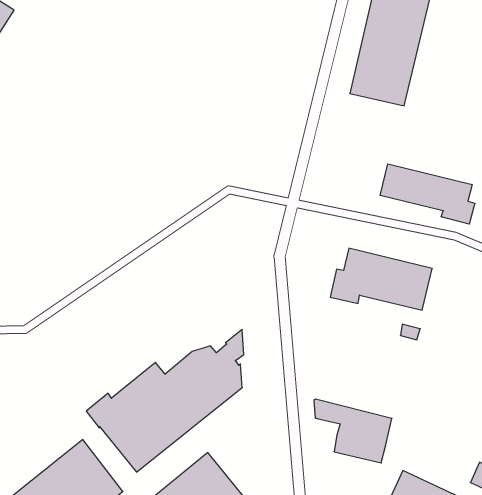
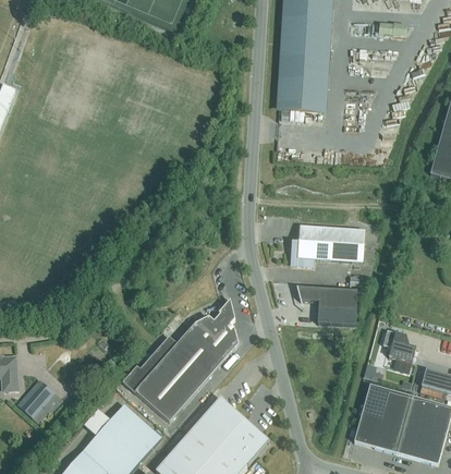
building: [380,164,475,224] -> none
building: [314,399,392,463] -> [296,285,357,325]
building: none -> [382,329,416,372]

